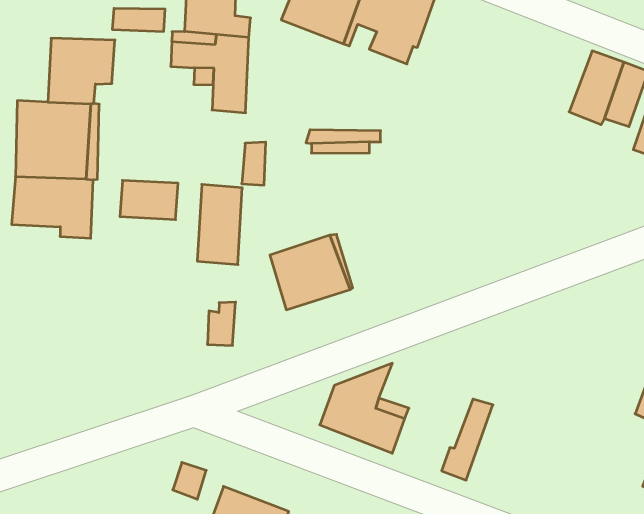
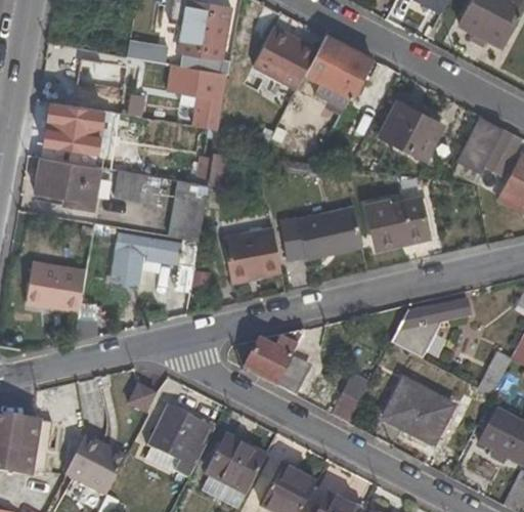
building: none -> [381,101,441,157]
building: none -> [365,195,430,247]
building: none -> [277,205,362,258]
building: none -> [110,230,181,283]
building: none -> [389,296,470,358]
building: none -> [26,263,83,309]
building: none -> [383,379,453,444]

